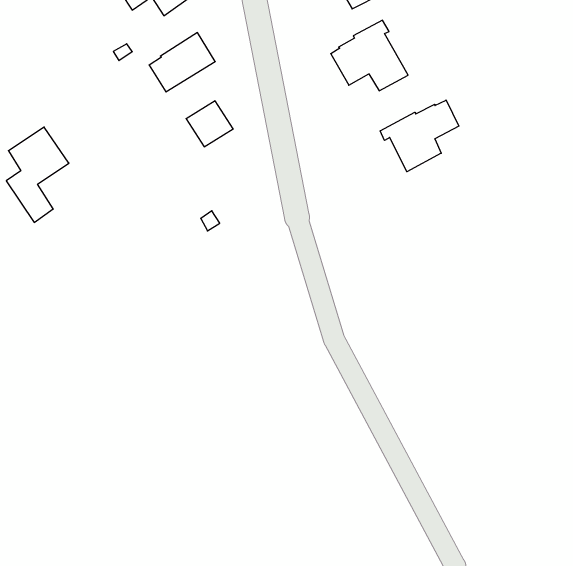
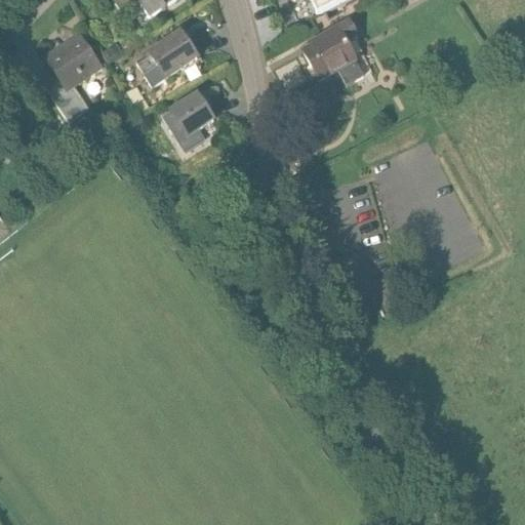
building: [380,100,459,172] -> none
building: [6,127,69,222] -> [43,33,100,120]

